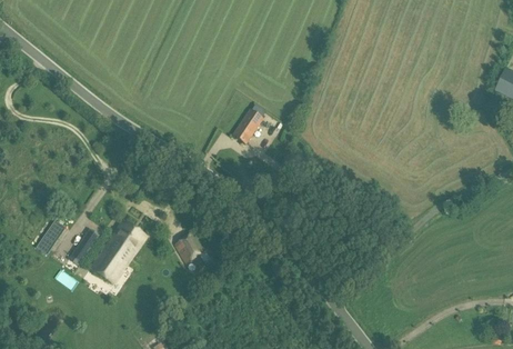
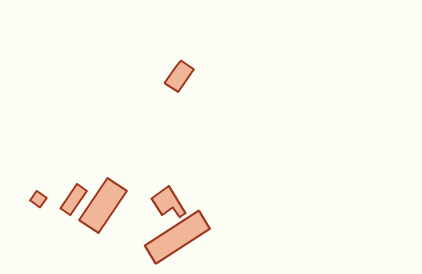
building: [231,109,264,144] -> [165,61,194,92]
building: none -> [145,211,210,264]

